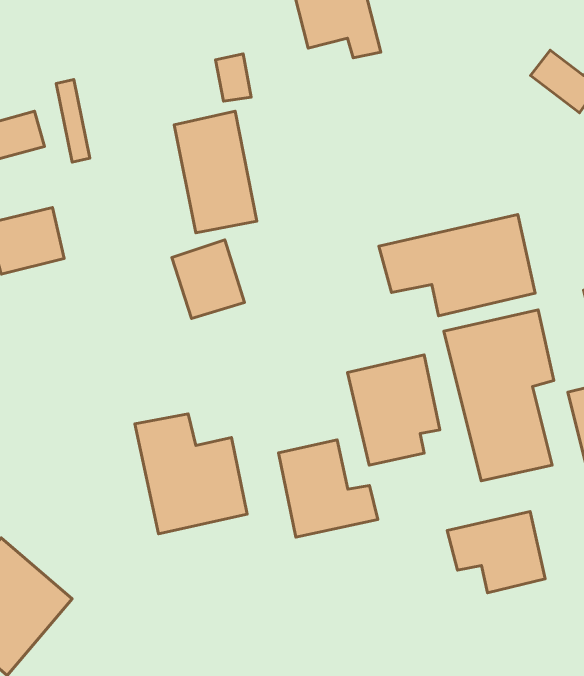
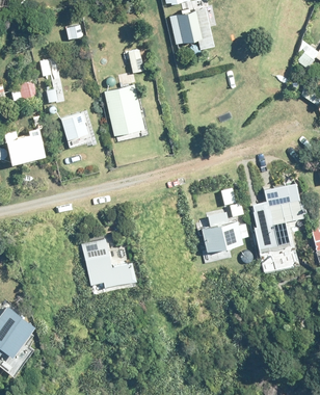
building: [379,214,535,316] -> none
building: [172,240,245,318] -> [57,107,96,149]
building: [278,440,378,537] -> none
building: [447,511,545,593] -> none

